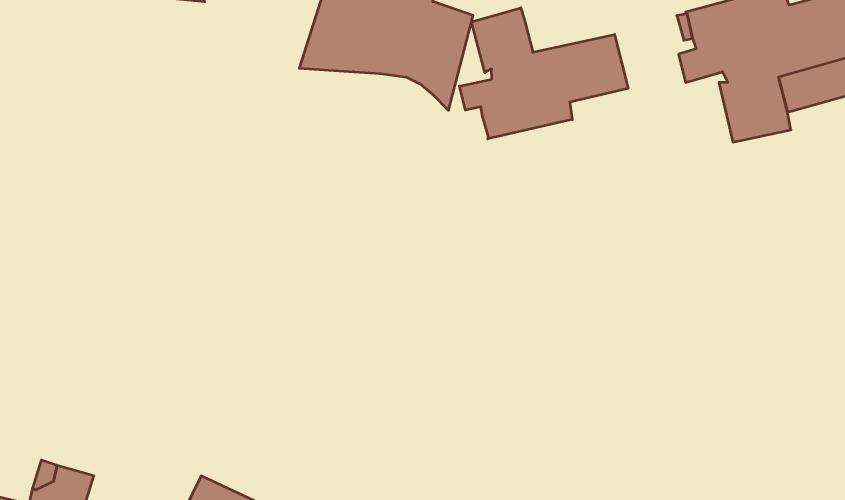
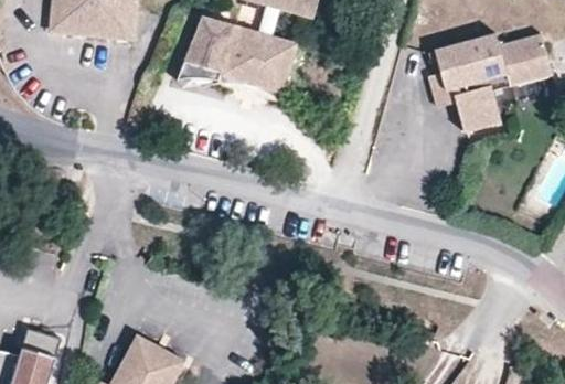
building: [459,8,628,139] -> none

